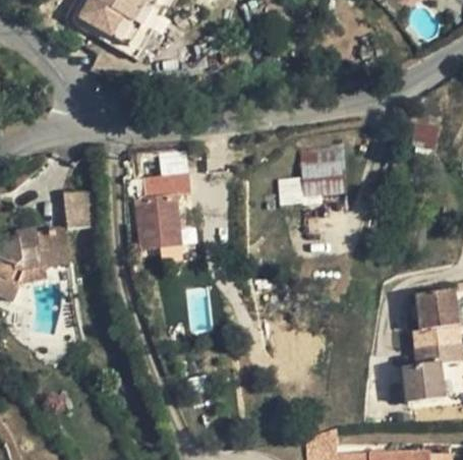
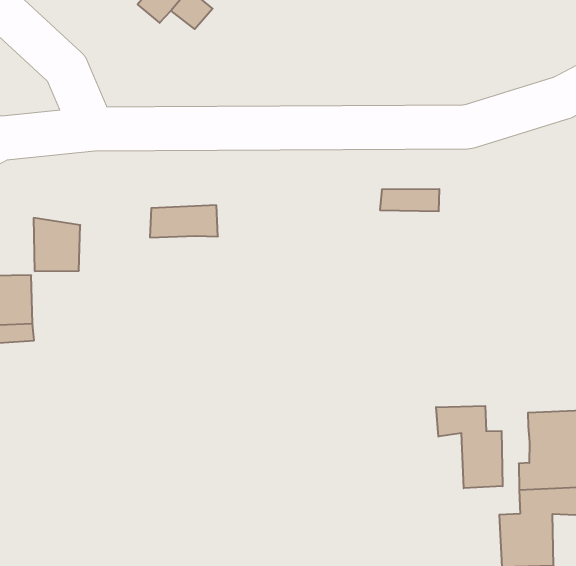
building: [299,161,343,195] -> none
building: [132,193,179,249] -> none
building: none -> [436,406,503,488]

